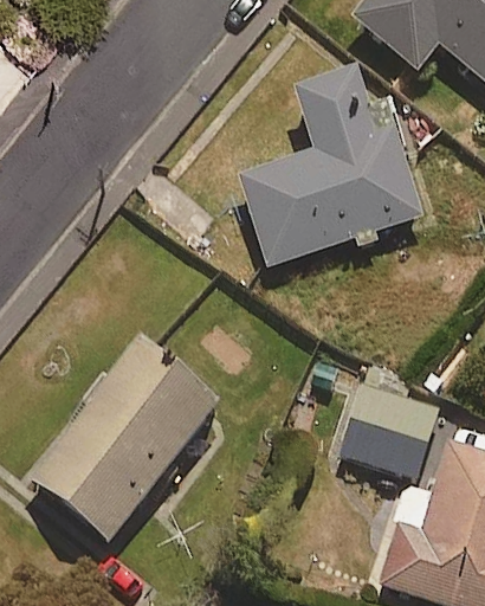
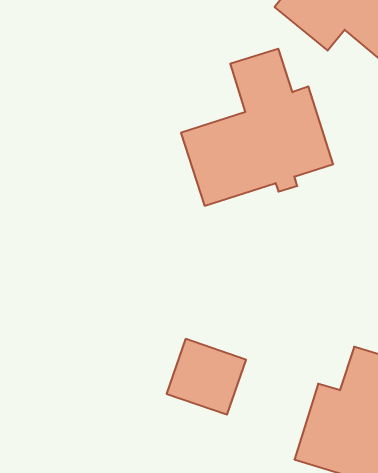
building: [31,336,221,537] -> none
building: [340,383,439,478] -> [167,339,246,415]

